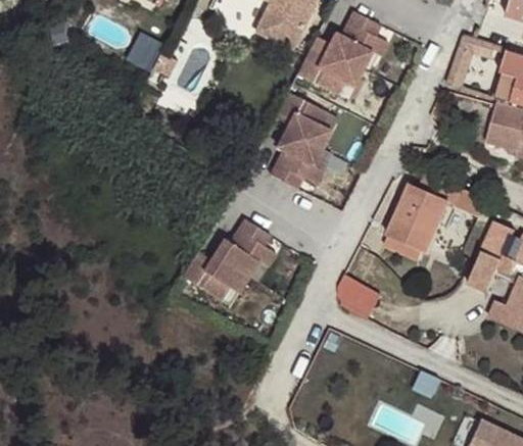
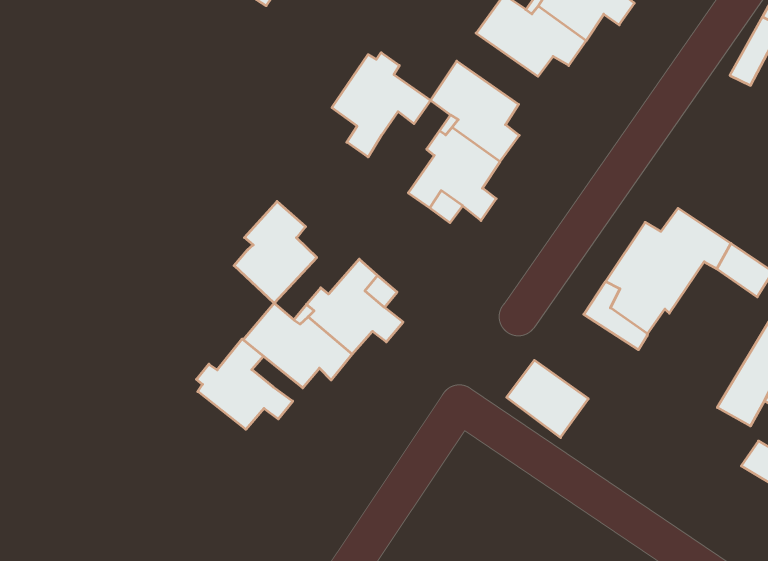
building: none -> [332,53,430,157]
building: none -> [234,201,317,303]
building: none -> [196,339,293,429]

